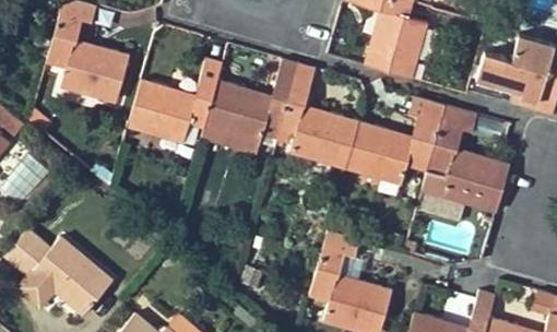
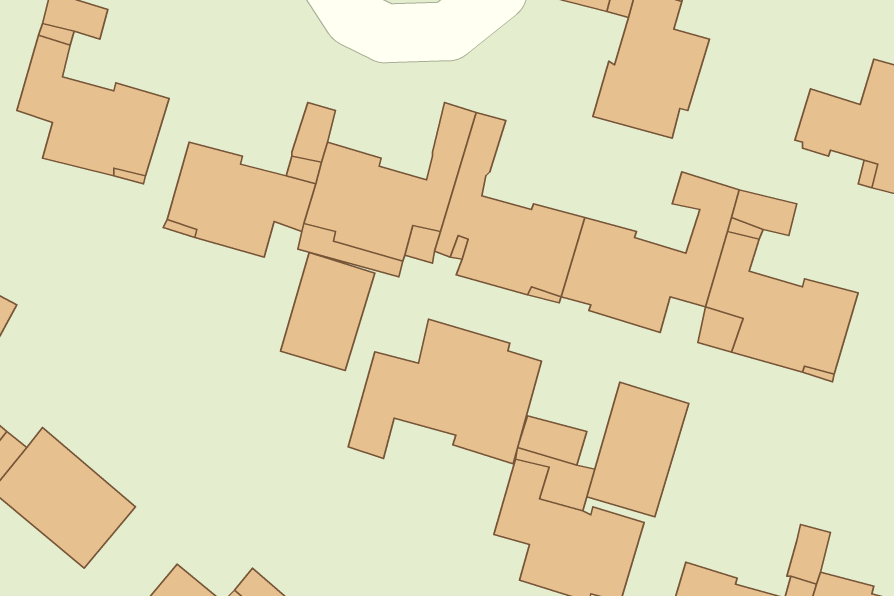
building: none -> [280,252,375,371]
building: none -> [348,319,542,464]
building: none -> [587,382,689,517]

